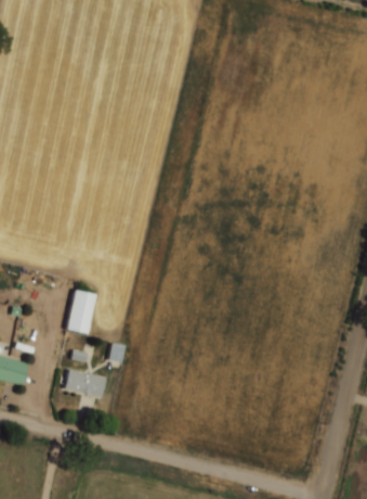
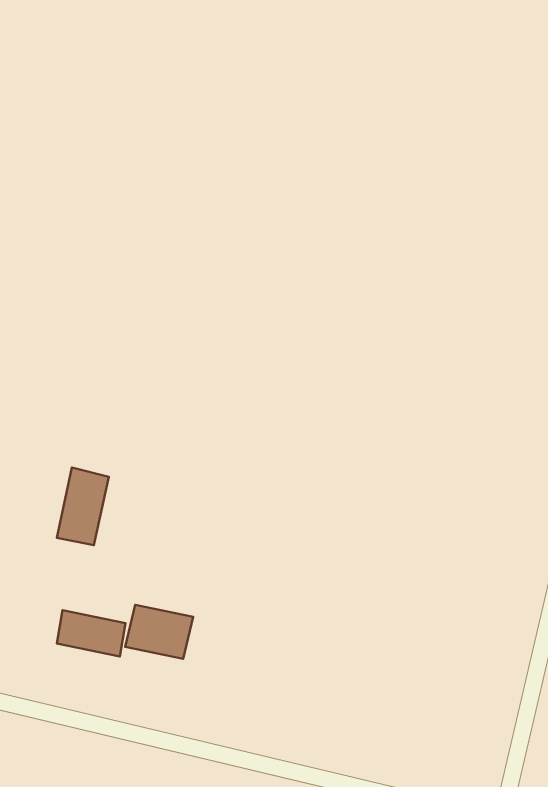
building: none -> [125,605,193,659]

